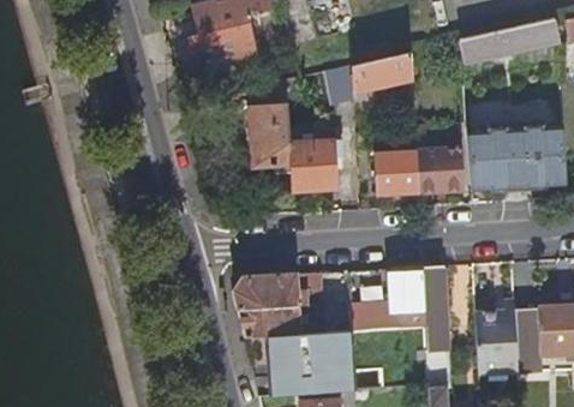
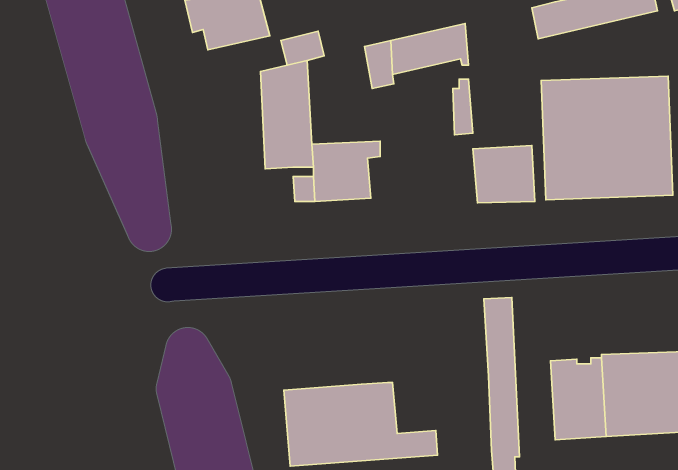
building: [373,150,418,194] -> none
building: [347,267,426,331] -> none
building: [234,273,328,337] -> none

